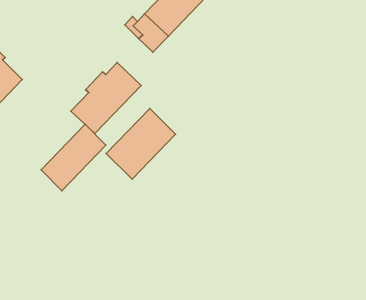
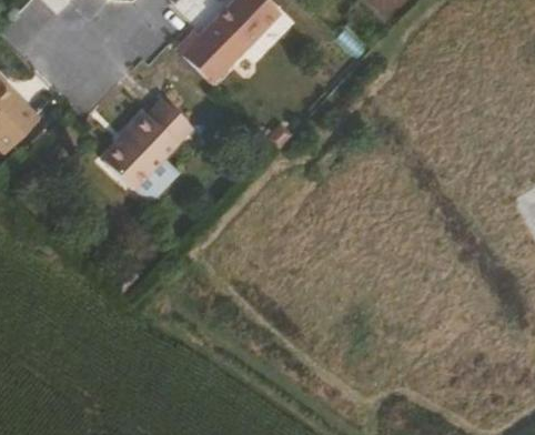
building: [106,108,176,179] -> none
building: [41,124,106,191] -> none

